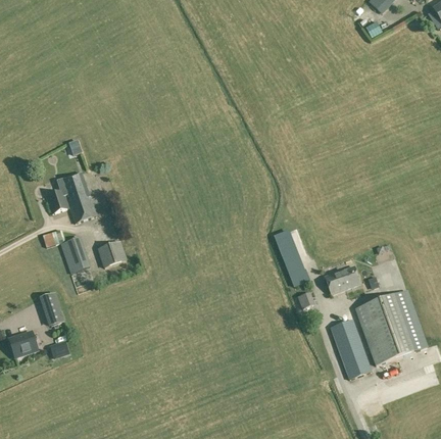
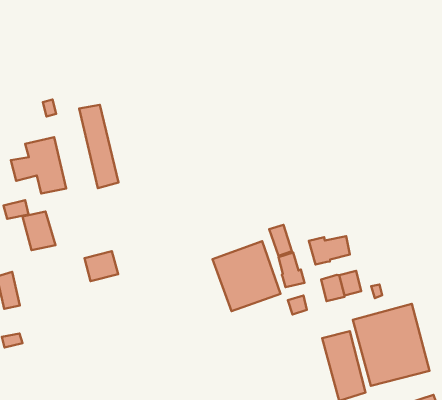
building: none -> [79,105,119,188]
building: none -> [309,236,350,264]
building: [96,240,127,267] -> [84,251,118,281]
building: none -> [212,241,280,311]

